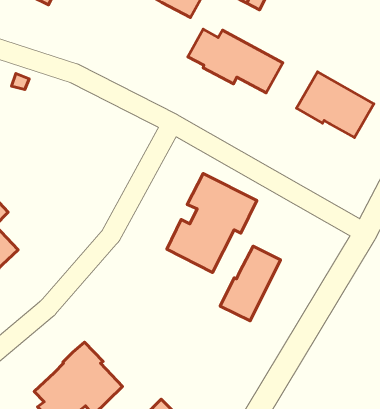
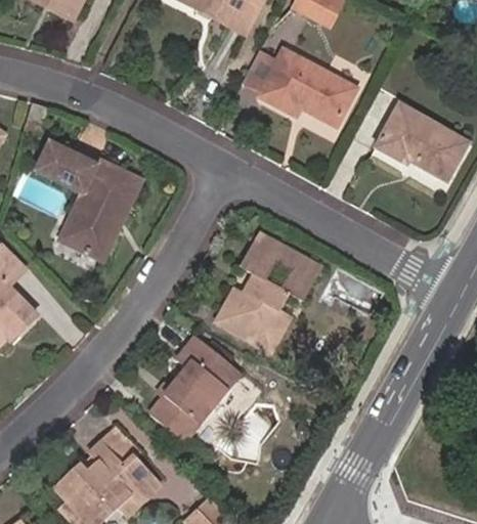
building: none -> [36,138,141,260]
building: [220,246,281,321] -> none
building: none -> [150,337,242,443]

